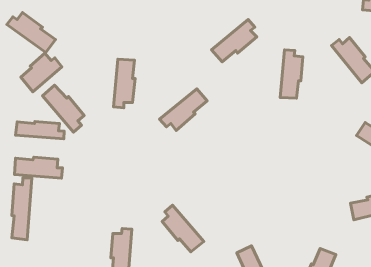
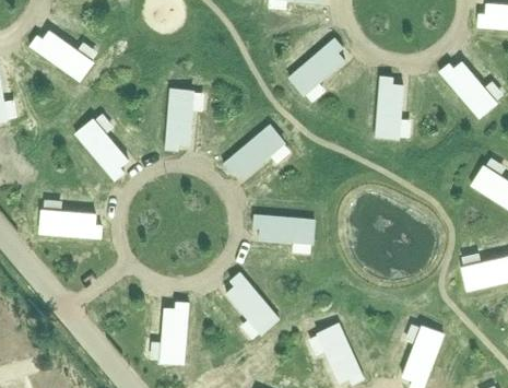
building: [21,53,62,92] -> none
building: [16,122,64,139] -> none
building: none -> [253,214,314,242]
building: [12,178,32,240] -> none

